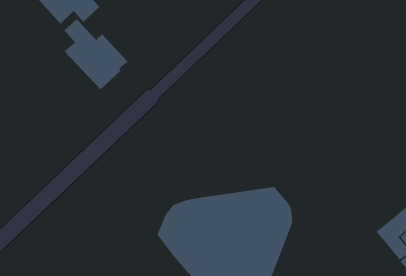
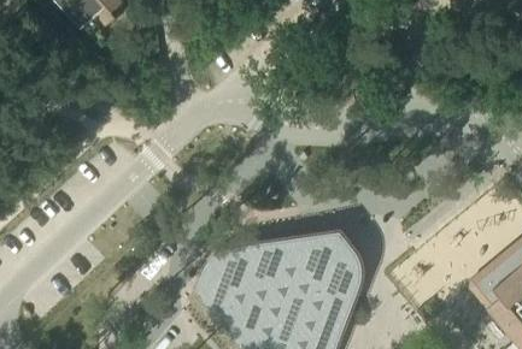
building: [63,19,128,90] -> none

